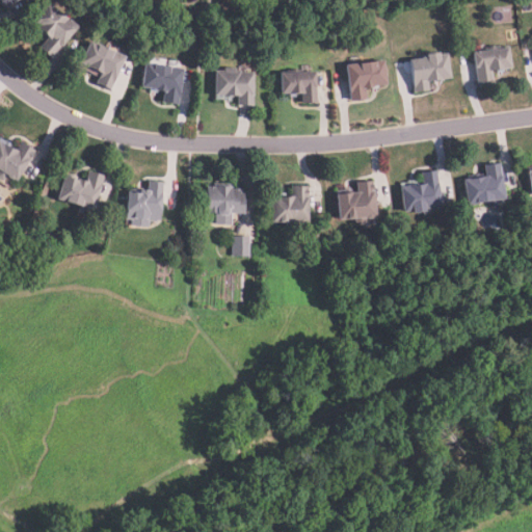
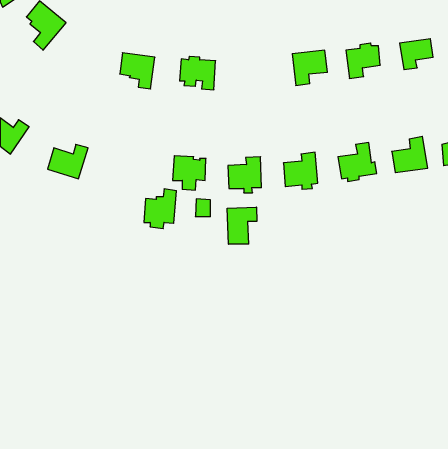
building: [81,39,128,90] -> none
building: [282,71,319,103] -> none
building: [127,180,165,227] -> [144,189,176,229]
building: none -> [227,207,257,244]

